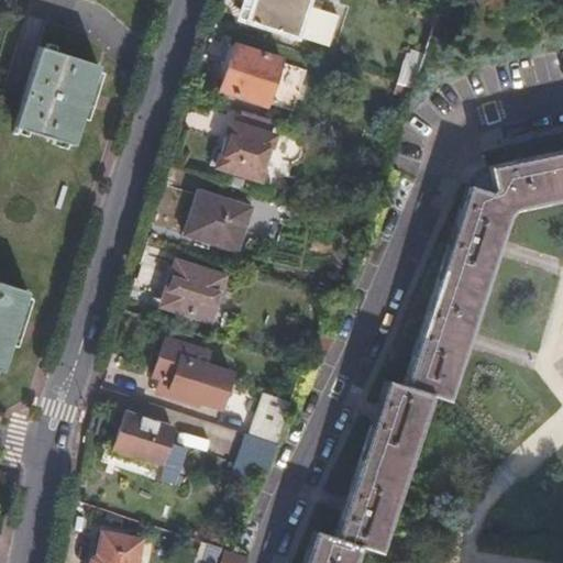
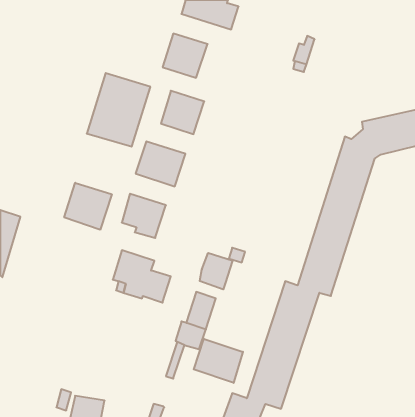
building: [16,47,102,146] -> [87,73,150,147]
building: none -> [64,183,112,230]
building: none -> [200,253,232,289]
building: [118,412,187,486] -> none
building: none -> [194,339,243,383]

